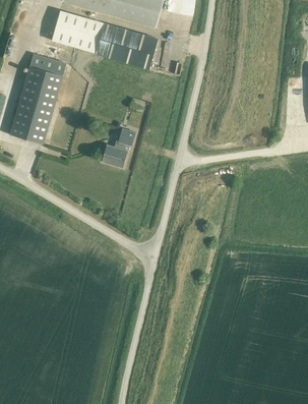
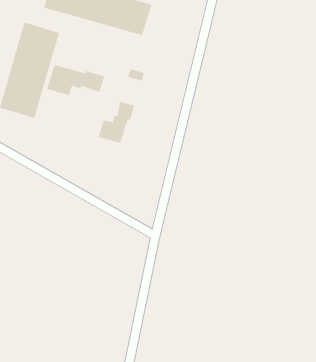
building: none -> [47,64,105,96]

